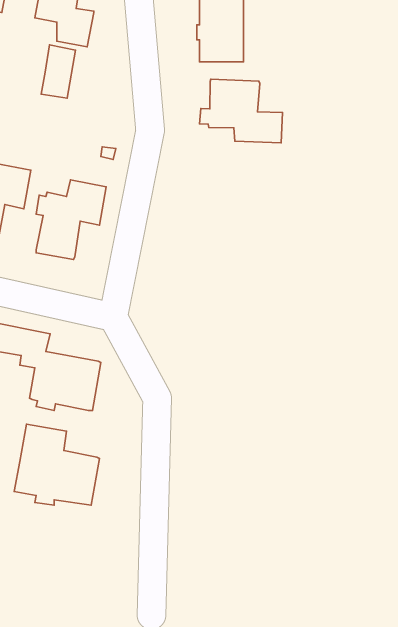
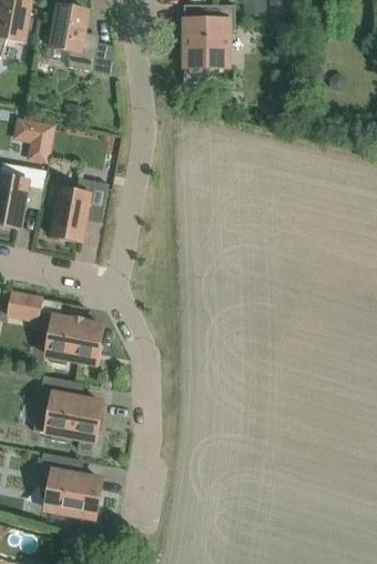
building: [41,45,76,98] -> [27,120,54,163]
building: [199,79,282,143] -> none
building: none -> [37,451,102,517]

